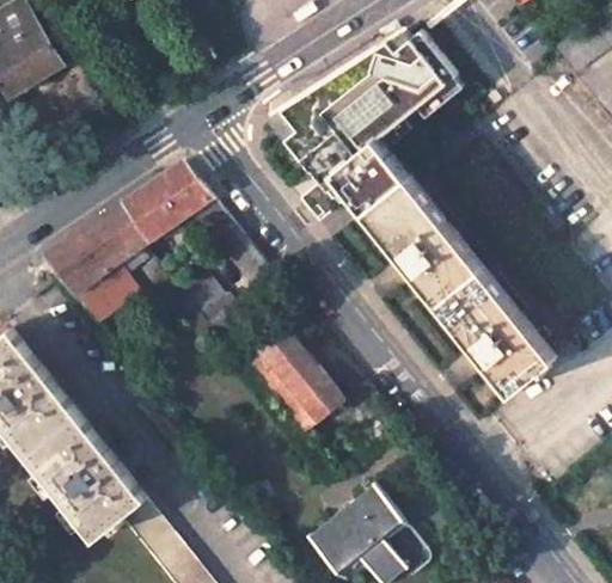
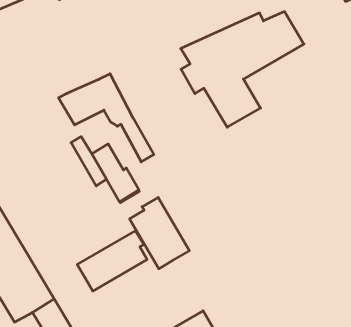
building: [367,180,556,397] -> none
building: [43,208,148,321] -> none
building: none -> [77,231,147,291]

